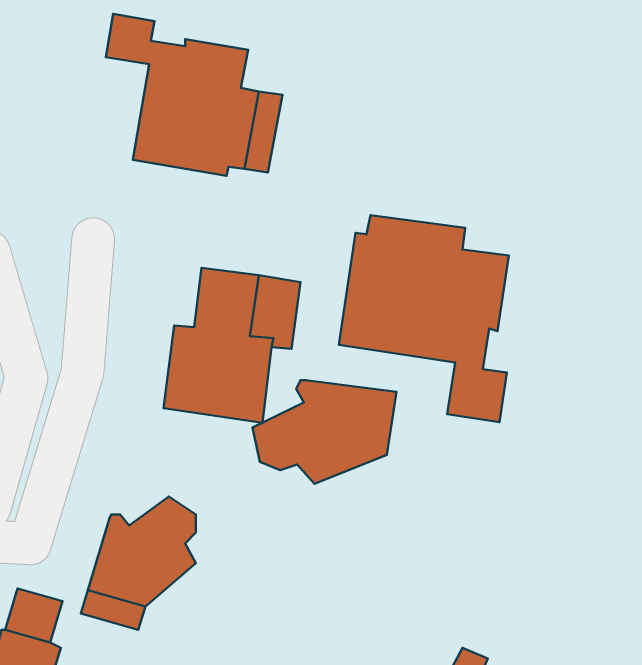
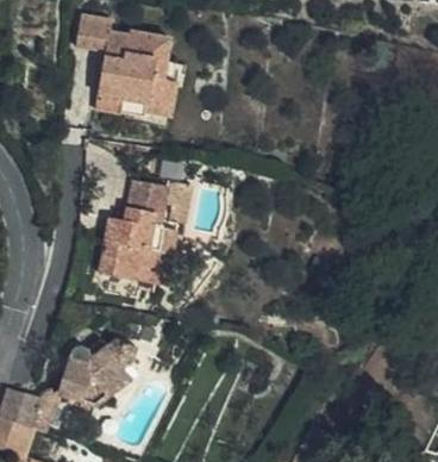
building: [339,215,509,422] -> none
building: [253,380,396,484] -> none

